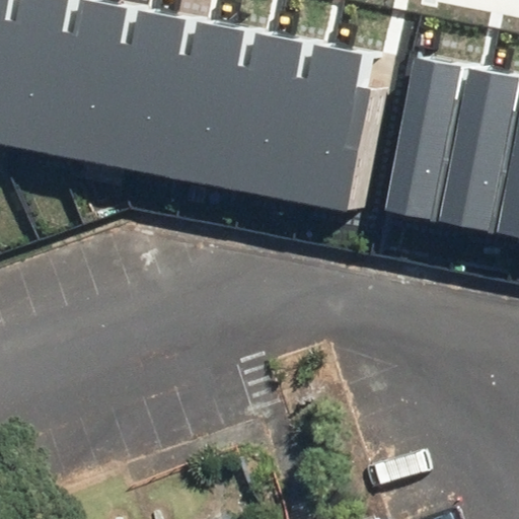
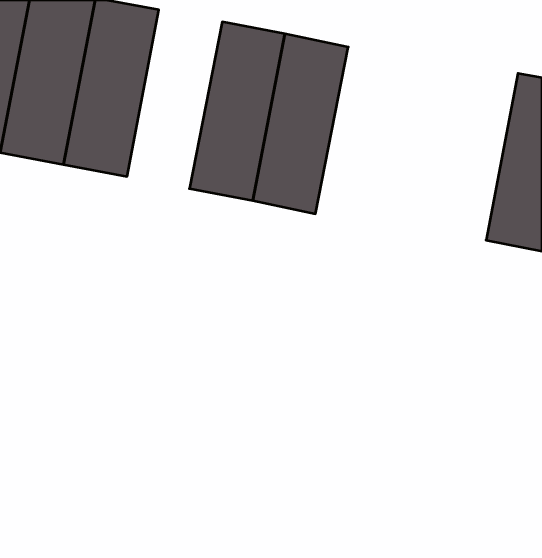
building: [118,11,206,176] -> none
building: [292,46,381,211] -> none
building: [392,59,479,224] -> none

